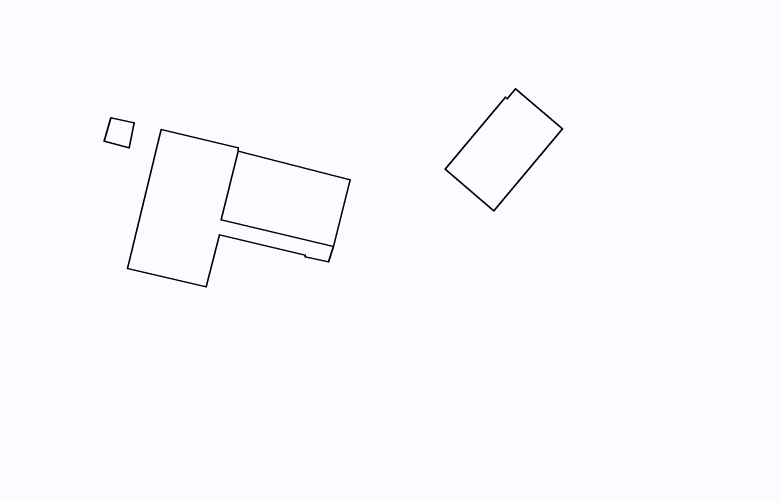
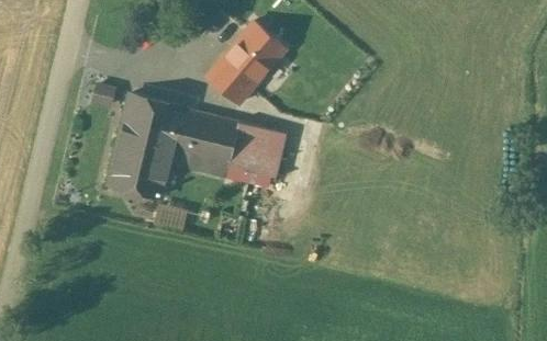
building: [445,89,562,211] -> [206,23,283,103]
building: none -> [243,127,284,179]

